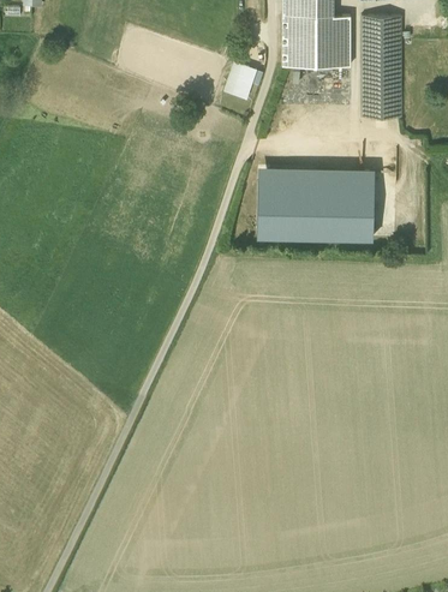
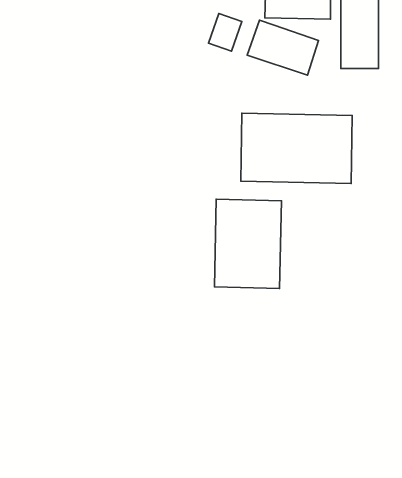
building: none -> [247,20,318,75]
building: none -> [214,199,281,288]

